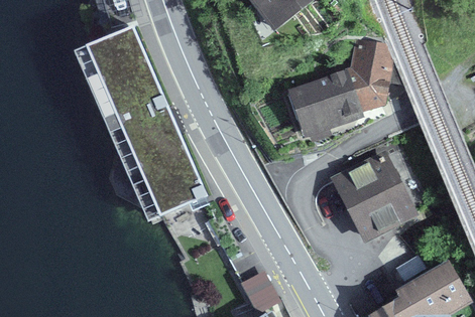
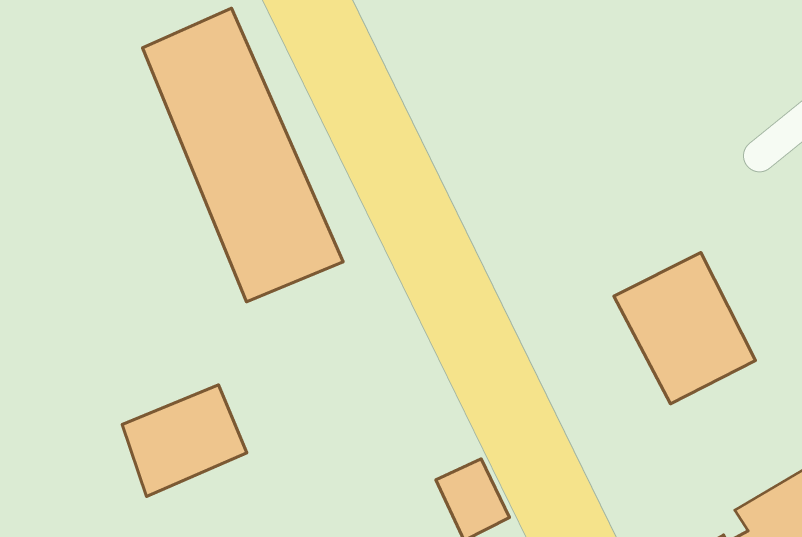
building: [292,42,400,132] -> none
building: [139,161,206,220] -> [122,385,247,497]

